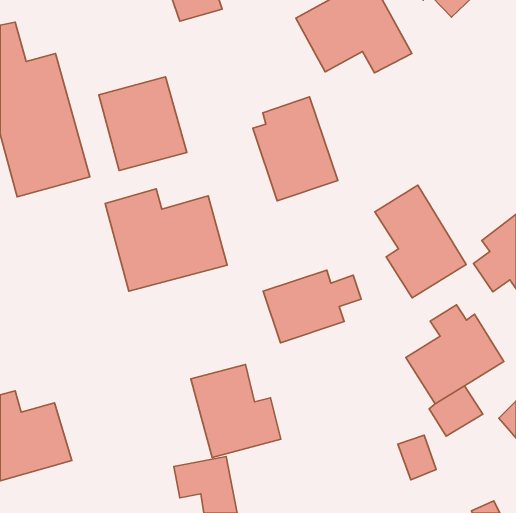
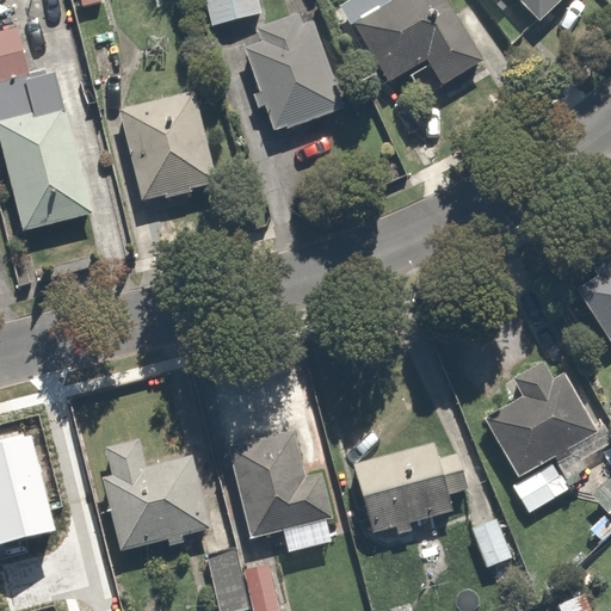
building: [253,97,338,201] -> [243,10,344,132]
building: [375,185,466,298] -> none
building: [105,189,227,291] -> none
building: [263,270,361,343] -> [354,446,470,532]
building: none -> [95,436,221,551]

